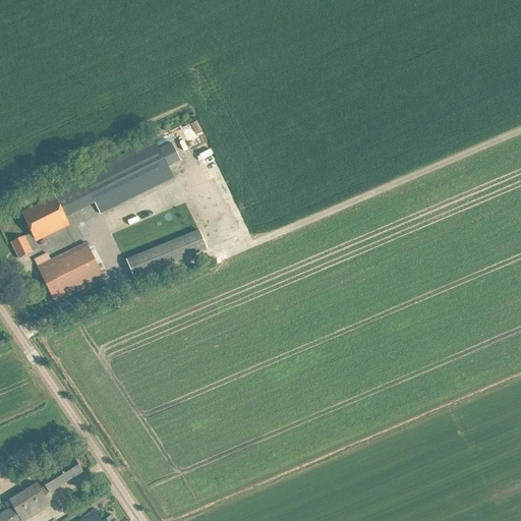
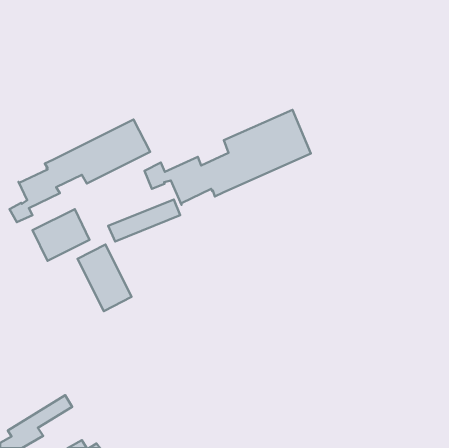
building: none -> [144,110,311,205]
building: none -> [78,245,132,311]

